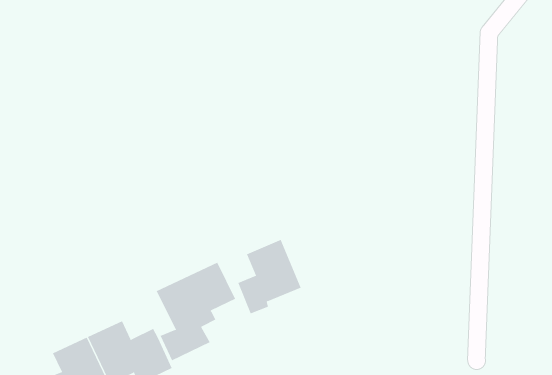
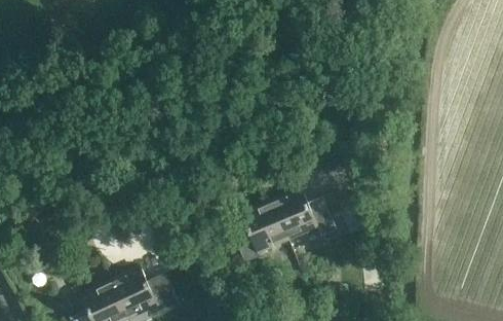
building: none -> [272,185,338,239]
building: [156,262,236,361] -> none

